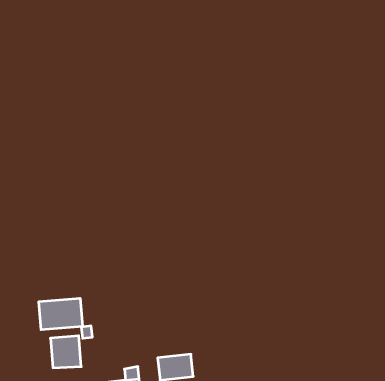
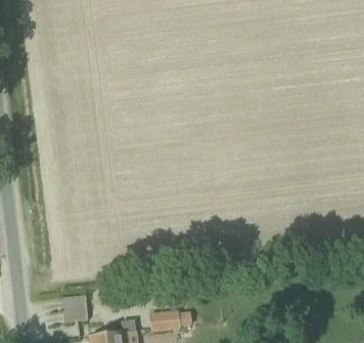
building: [39,298,82,330] -> none

